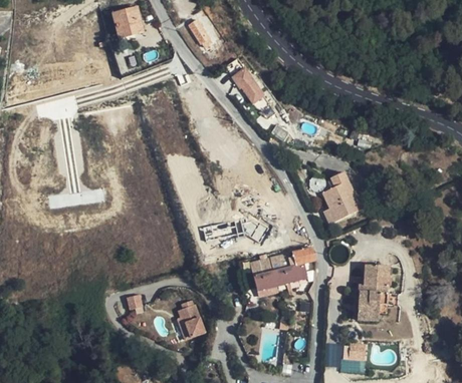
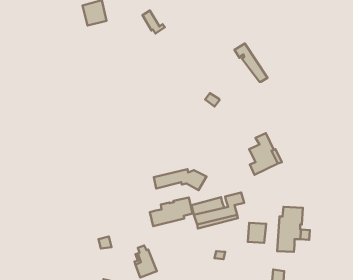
building: [232,68,273,116] -> [235,43,267,82]
building: none -> [150,197,192,226]
building: none -> [248,223,266,243]

